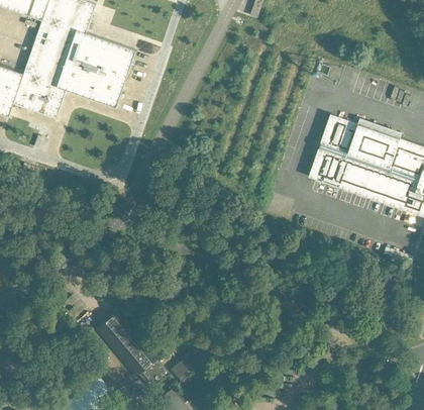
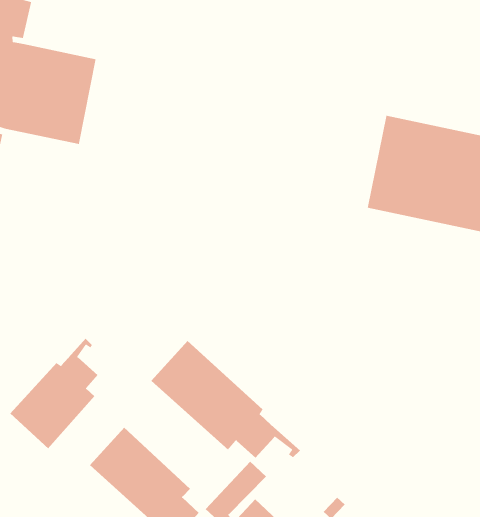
building: none -> [9,338,98,449]
building: none -> [150,340,301,459]

